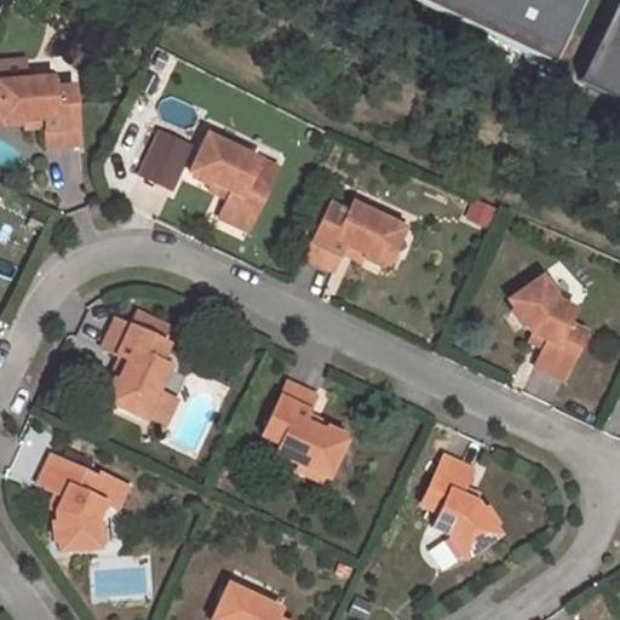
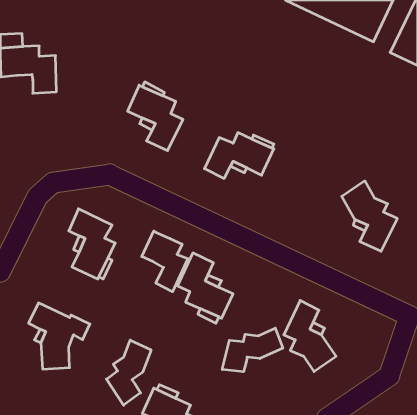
building: [138,140,191,197] -> none
building: none -> [142,231,188,292]
building: none -> [222,328,283,372]
building: none -> [106,340,151,405]

